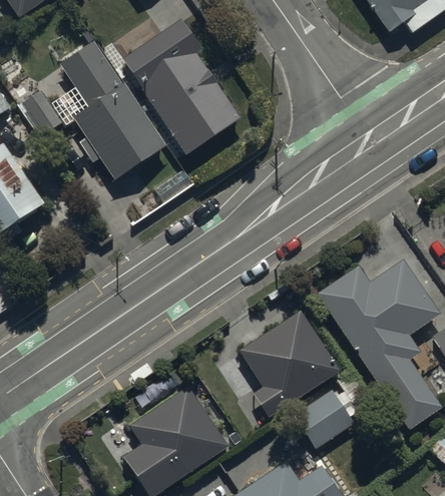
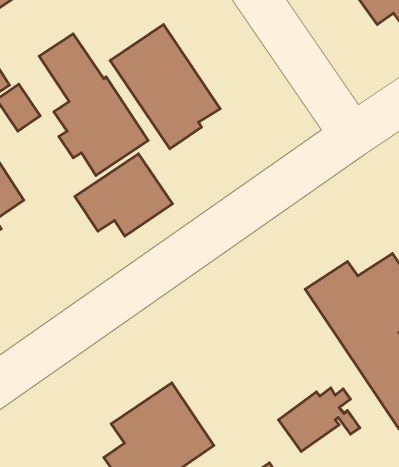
building: none -> [75,154,173,236]
building: [240,309,341,417] -> none

